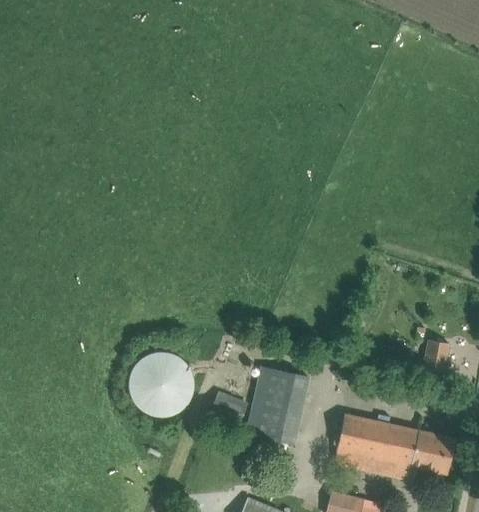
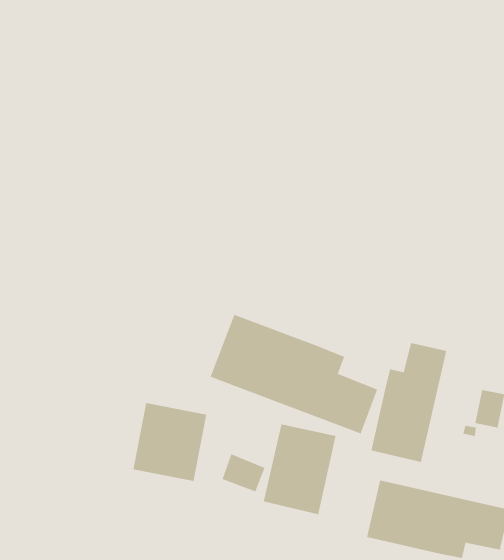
building: none -> [210,314,378,435]
building: none -> [370,342,447,463]

